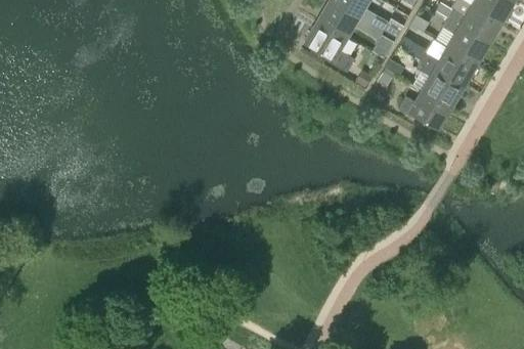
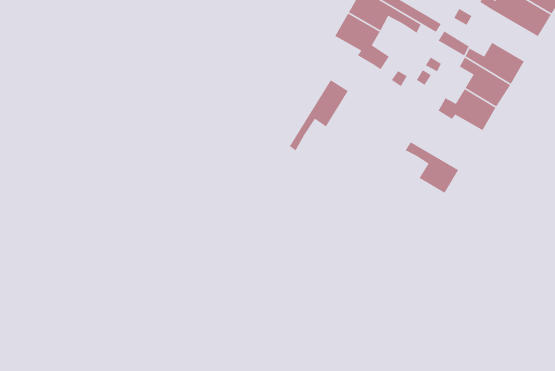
building: [442,18,489,64] -> none
building: none -> [279,79,349,162]
building: none -> [399,135,459,194]

